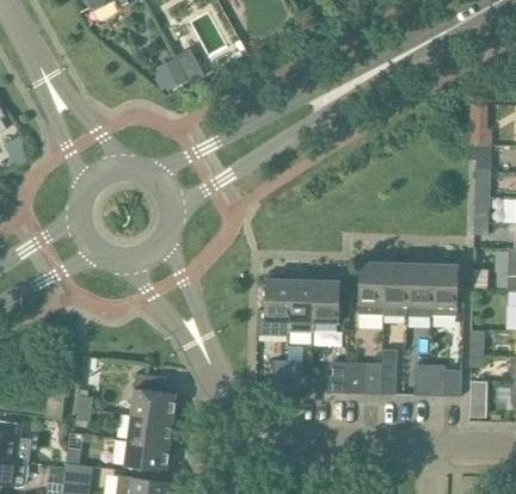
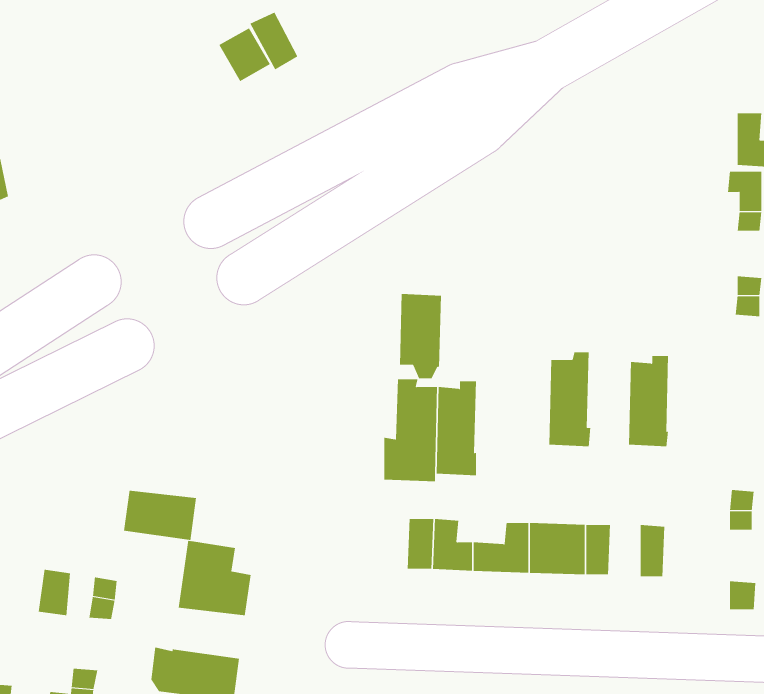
building: [382,258,408,315] -> none
building: [431,260,459,317] -> none
building: [313,276,339,328] -> [399,293,442,379]
building: [429,365,462,397] -> none
building: [127,415,172,446] -> [123,490,197,541]

